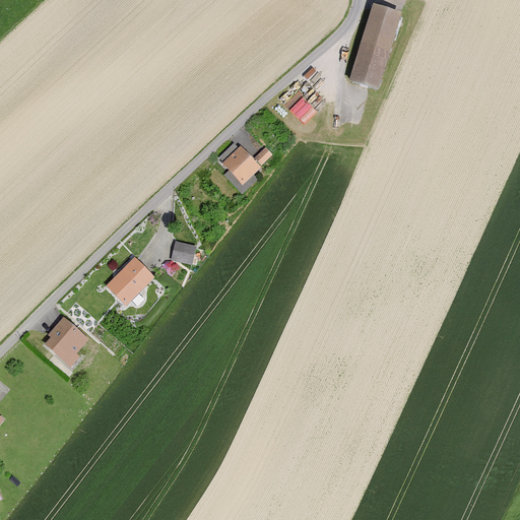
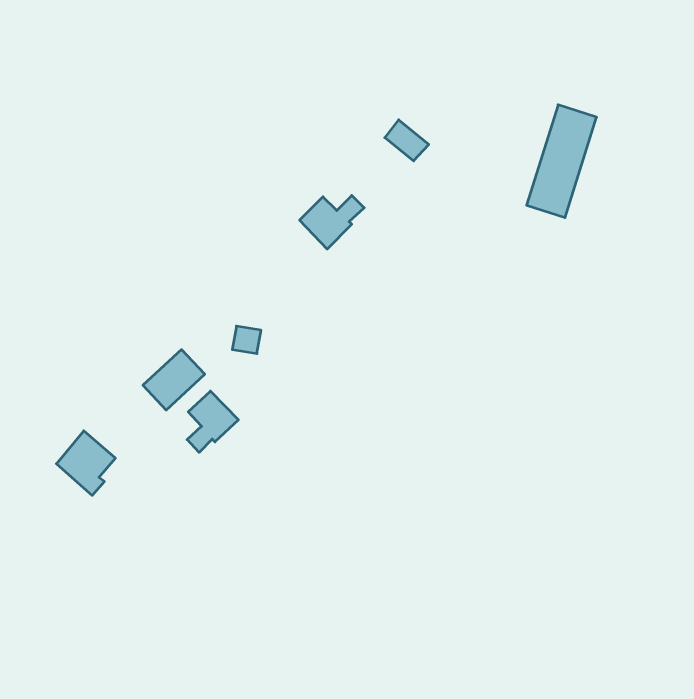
building: [351,4,403,87] -> [527,105,597,218]
building: none -> [187,391,238,452]

